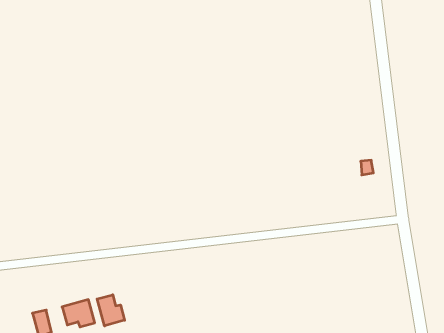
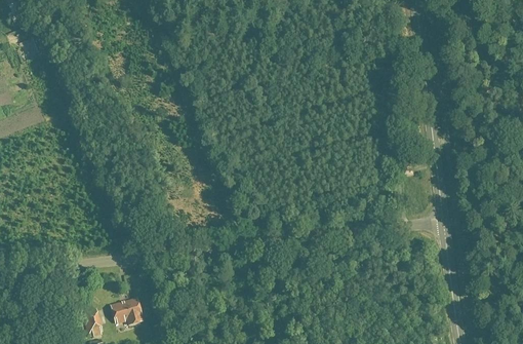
building: [97,295,125,326] -> none

